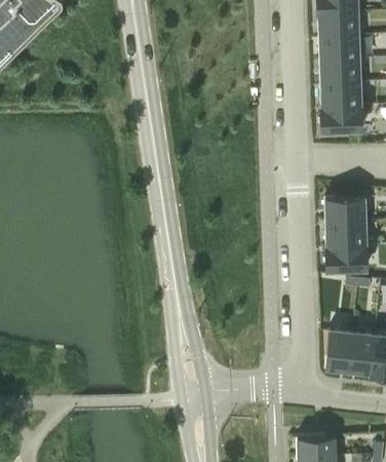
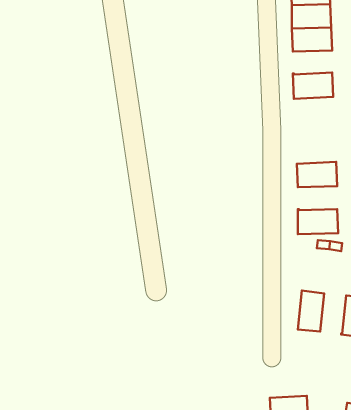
building: [321,88,361,113] -> none
building: [326,227,366,252] -> none
building: [349,337,376,378] -> none

